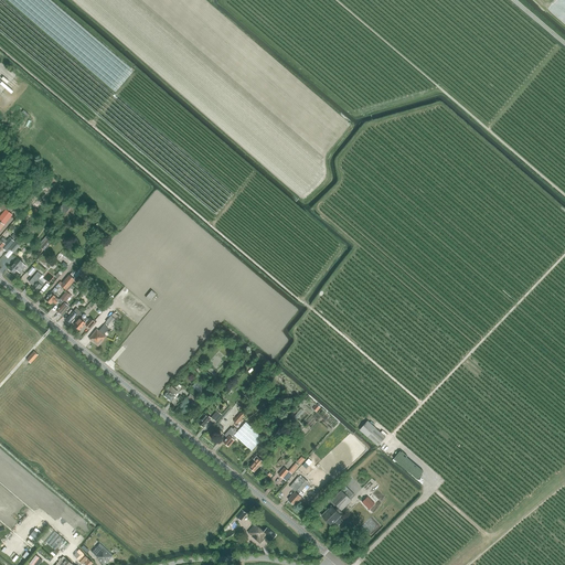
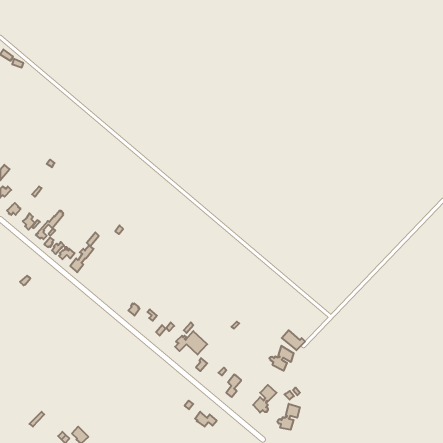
building: none -> [269,346,294,371]
building: none -> [277,404,300,430]

